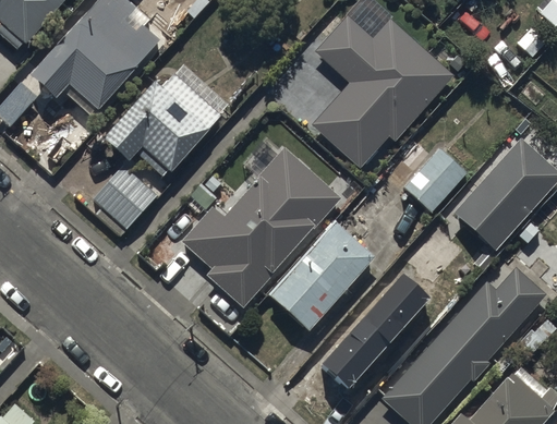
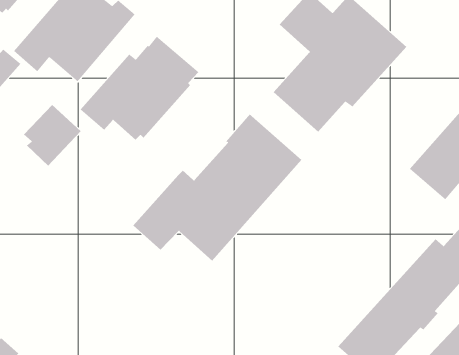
building: [402,148,465,214] -> none
building: [93,168,156,235] -> [23,104,82,167]
building: [268,226,375,335] -> none
building: [323,268,429,384] -> none

